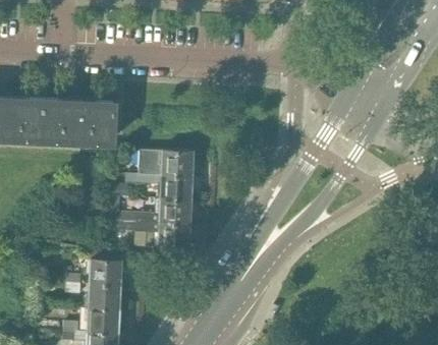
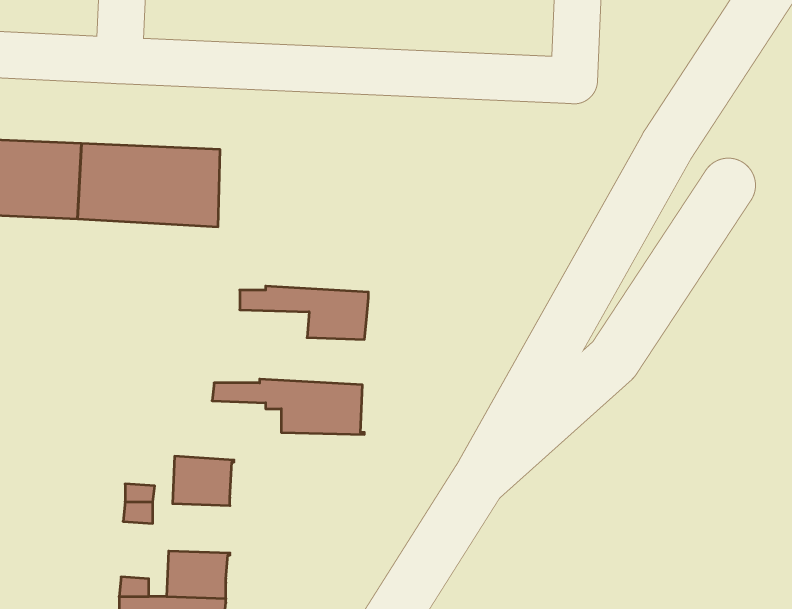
building: [138,150,193,175] -> none
building: [134,198,188,223] -> none
building: [88,284,119,309] -> none

